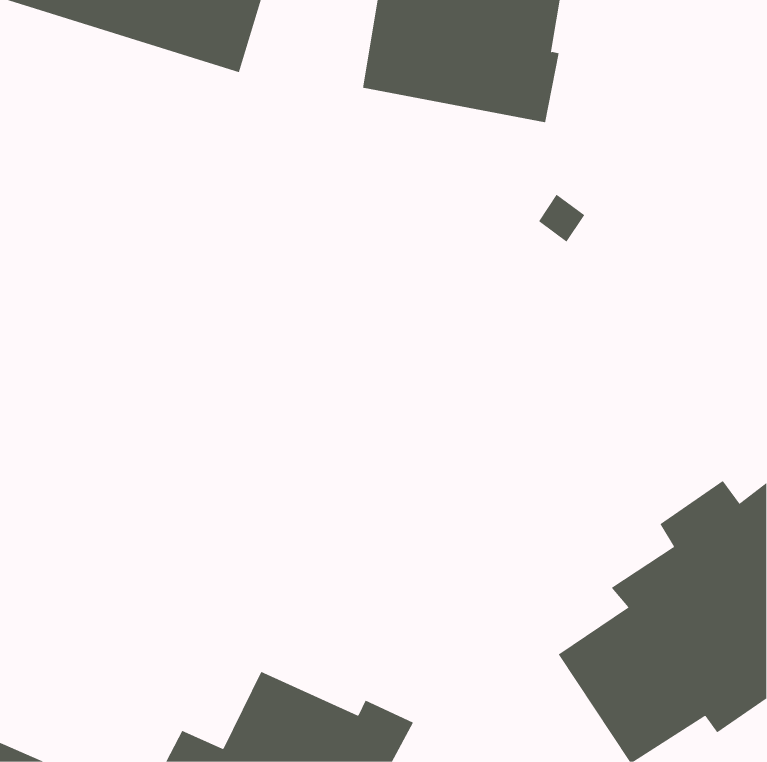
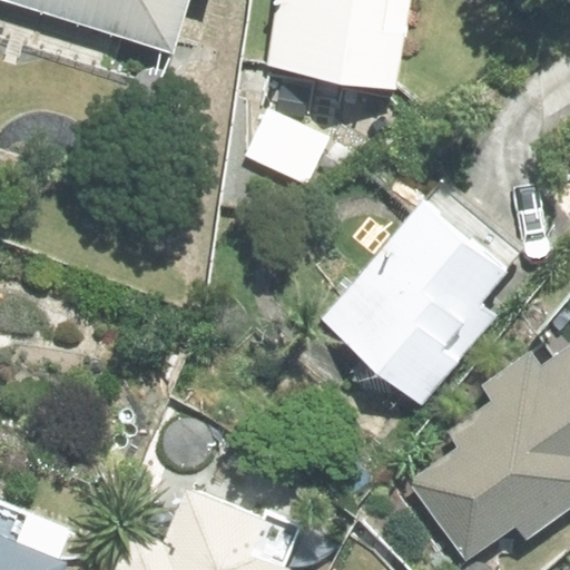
building: none -> [320,203,510,409]

